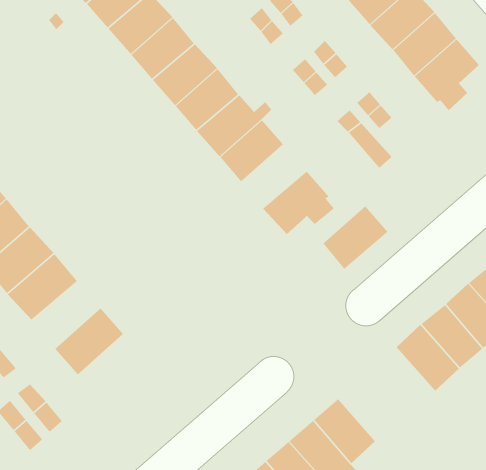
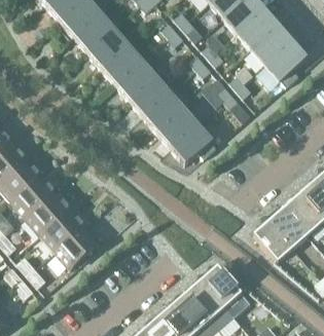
building: [323,205,389,270] -> [156,107,197,147]
building: none -> [26,192,69,234]
building: none -> [55,225,99,268]

